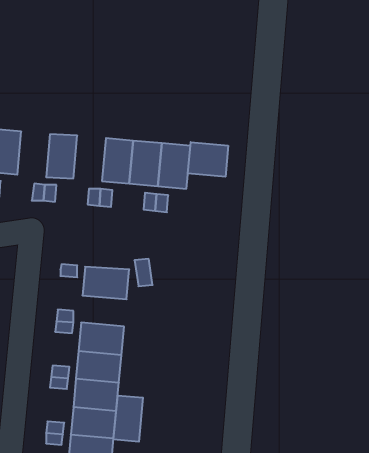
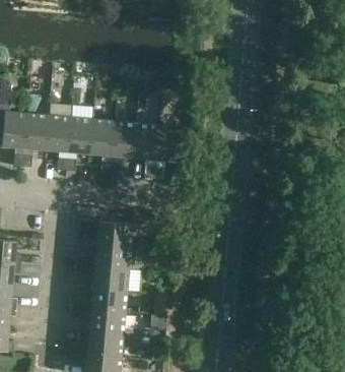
building: none -> [45,116,70,151]
building: none -> [88,119,114,154]
building: [188,142,228,177] -> none
building: none -> [94,244,130,268]
building: [114,395,143,442] -> none

